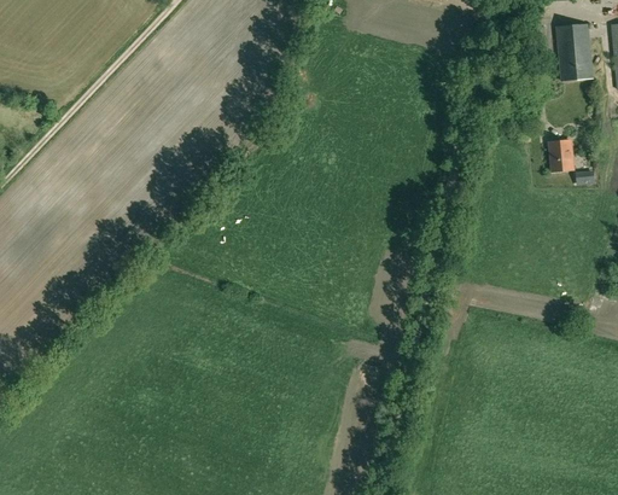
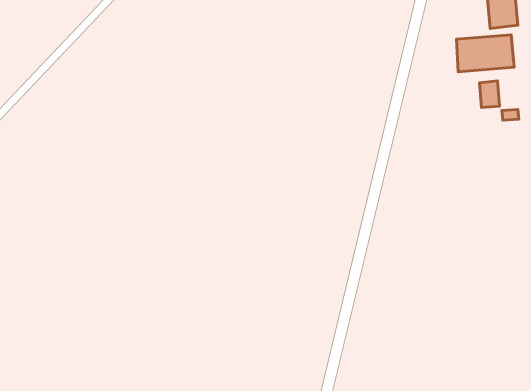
building: none -> [456,35,514,72]

